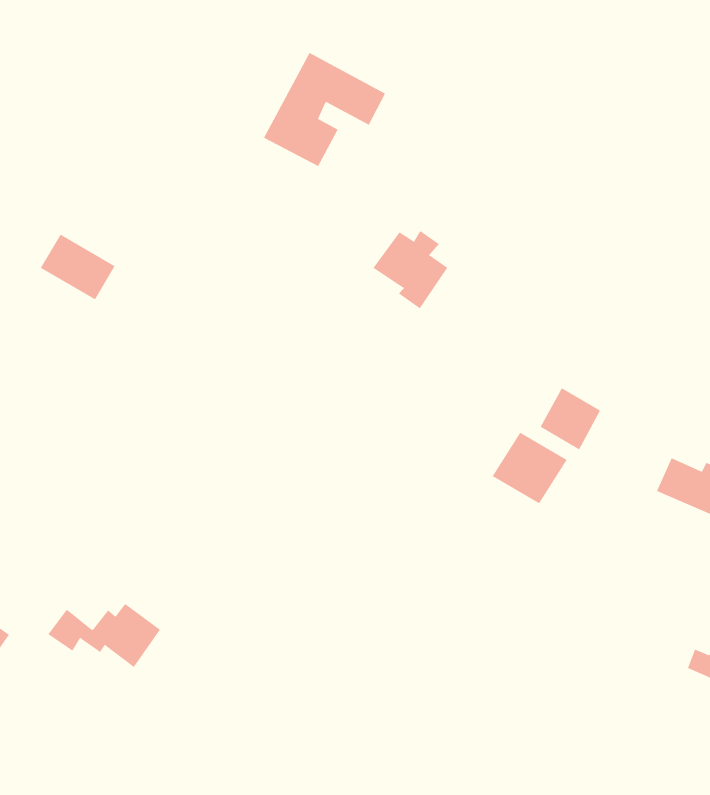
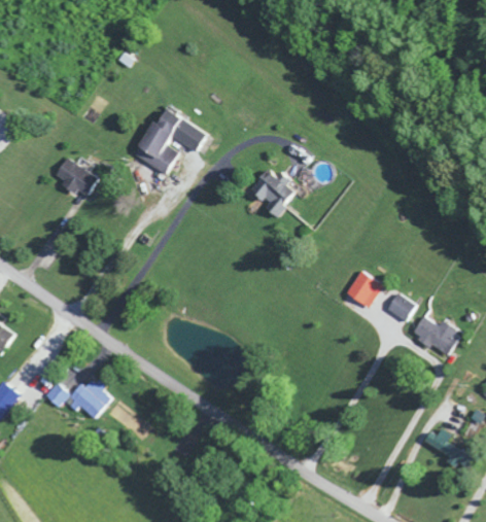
building: [263,52,386,167] -> [133,106,208,175]
building: none -> [386,292,415,321]
building: [492,432,567,504] -> none

